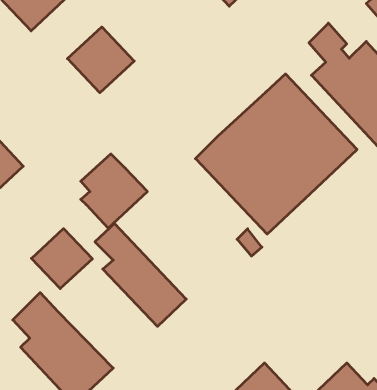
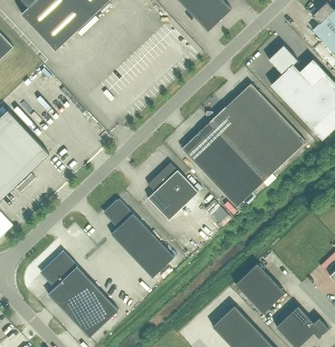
building: [67,27,134,93] -> none
building: [81,154,147,228] -> [147,162,198,219]
building: [31,229,92,289] -> none
building: none -> [235,263,284,313]

